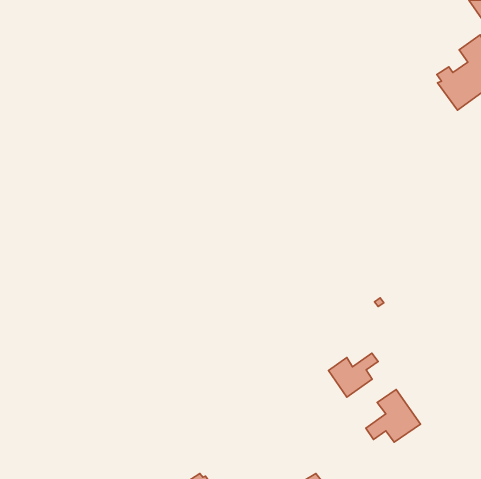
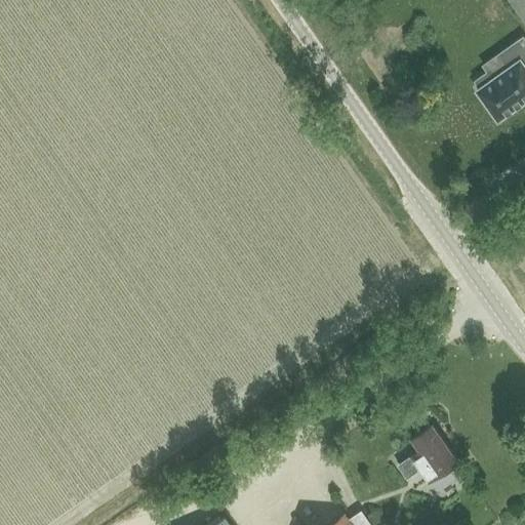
building: [328,353,378,397] -> none

